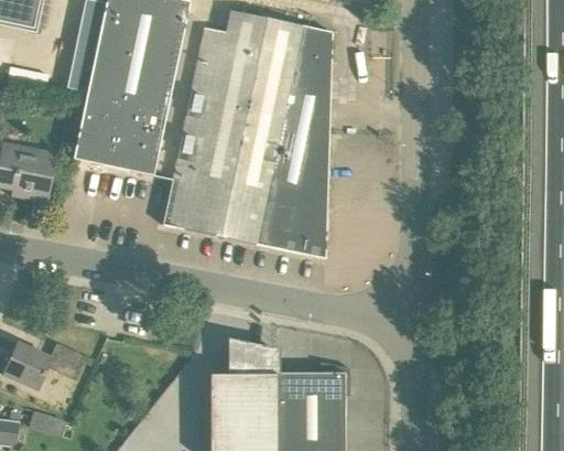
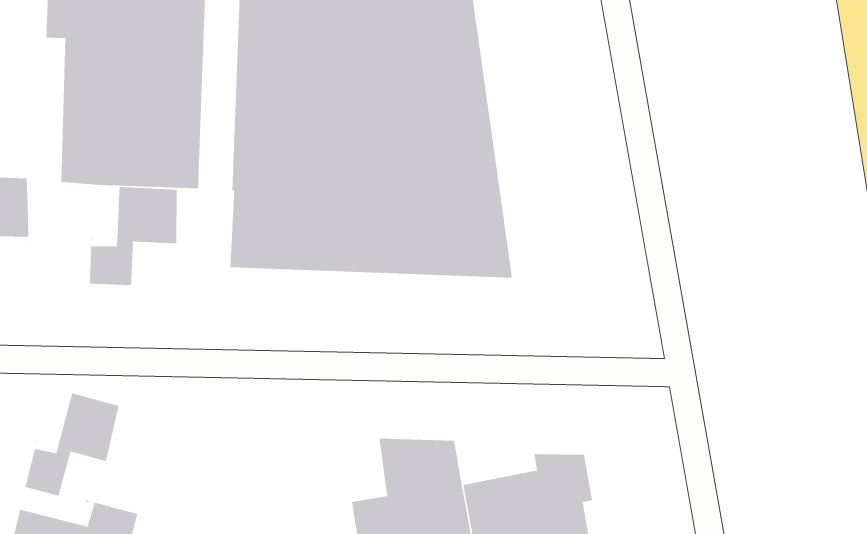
building: none -> [90,186,177,286]
building: none -> [25,392,119,496]

